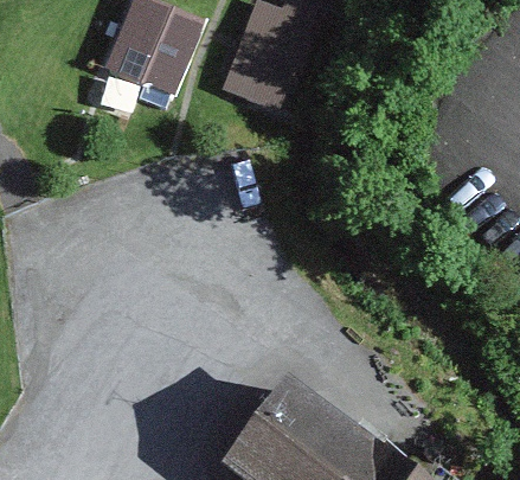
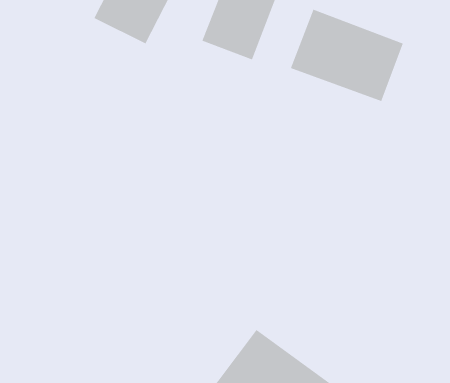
building: none -> [290,9,404,102]

